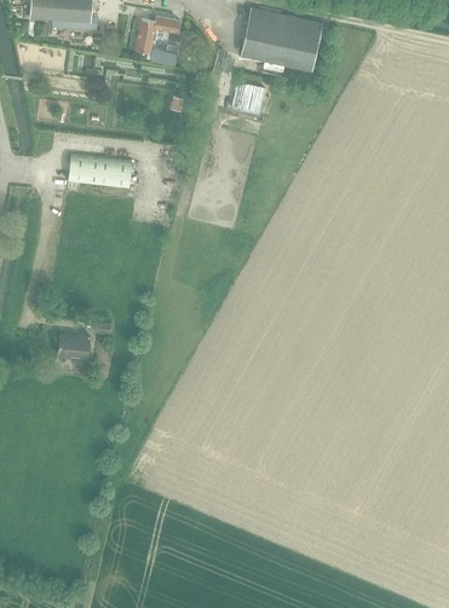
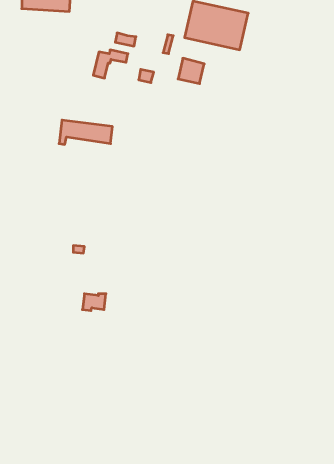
building: [134,16,179,52] -> [93,50,128,78]
building: [58,334,88,355] -> [82,294,106,311]

